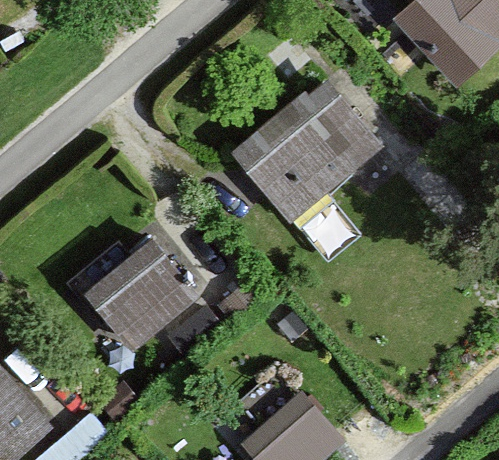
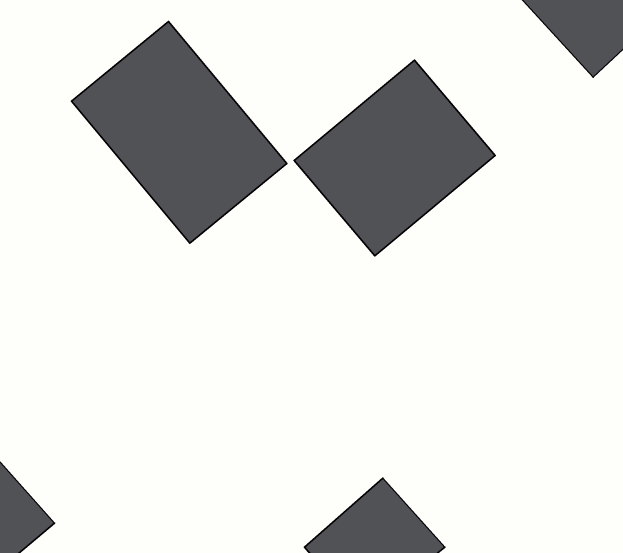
building: none -> [71,22,287,243]
building: [81,236,201,355] -> none

